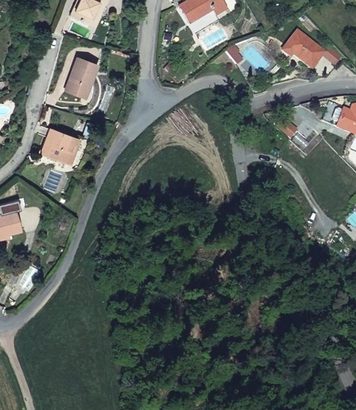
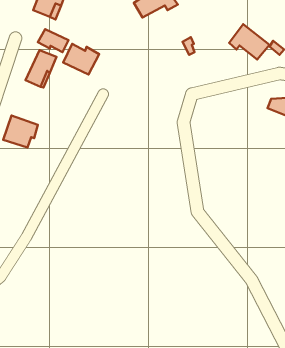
building: none -> [38,29,68,52]
building: none -> [63,44,99,74]

